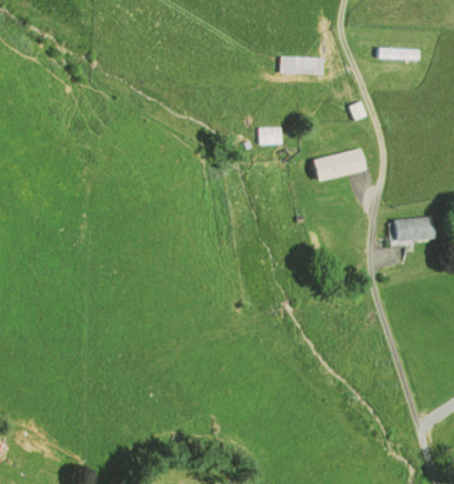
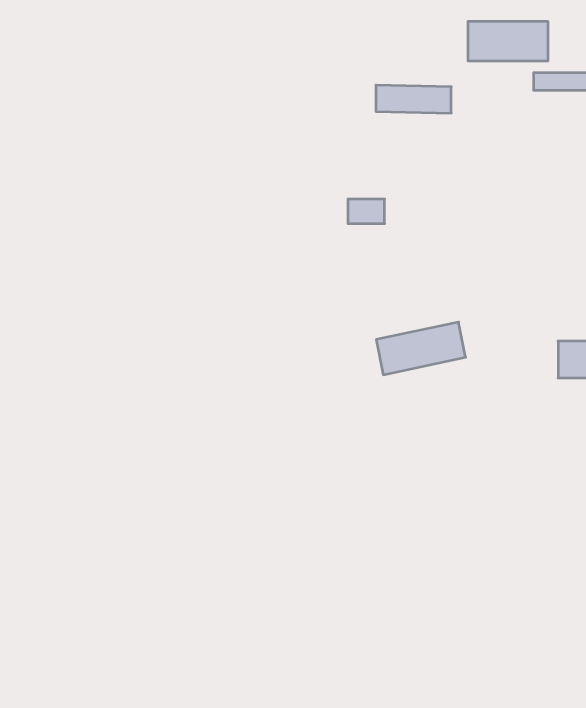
building: none -> [468,21,548,61]
building: [311,149,367,182] -> [376,322,466,375]

